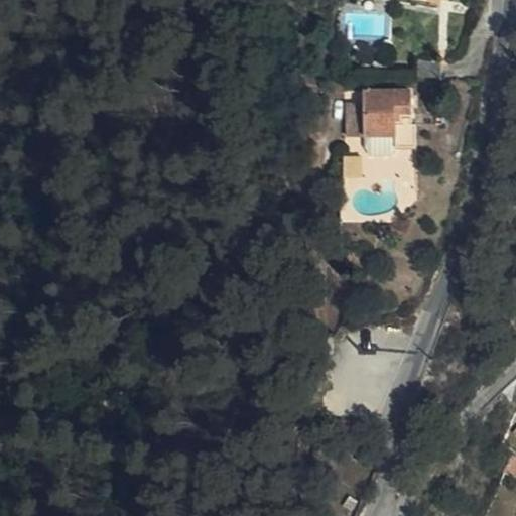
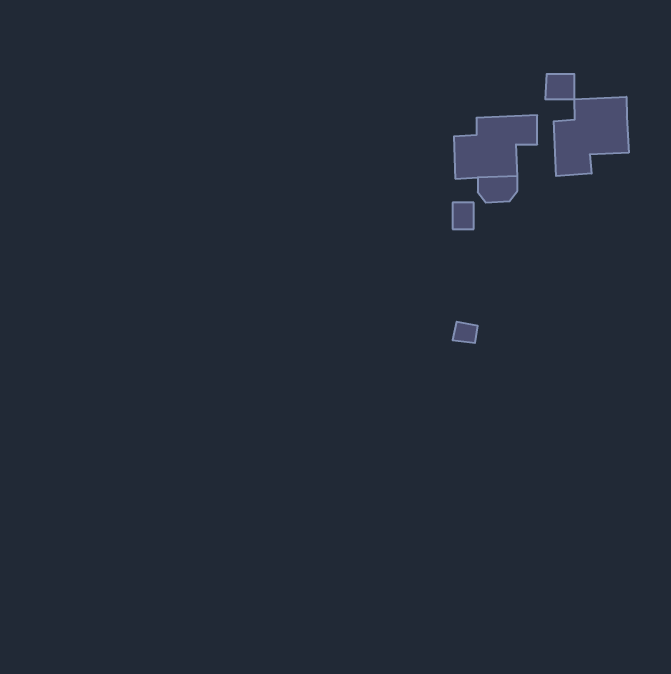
building: none -> [554,97,629,176]

